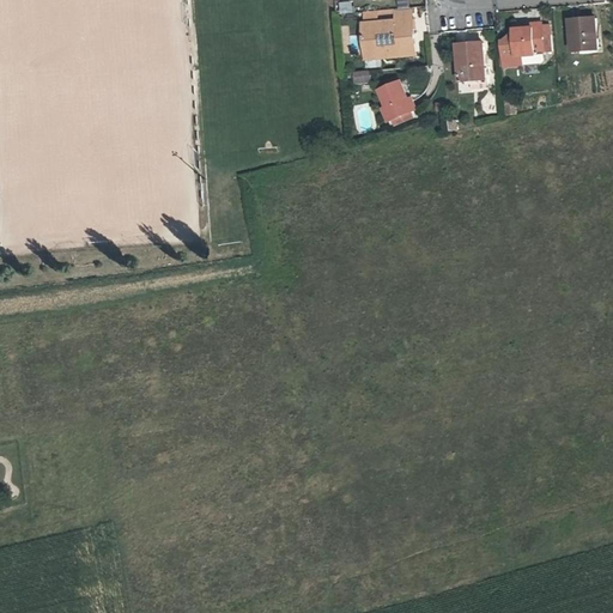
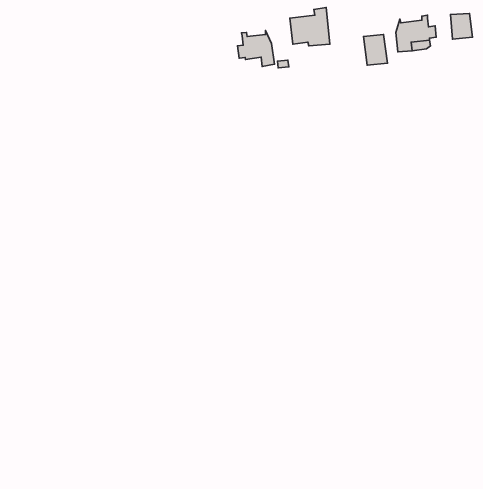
building: none -> [237,30,274,66]
building: [377,80,415,123] -> none

